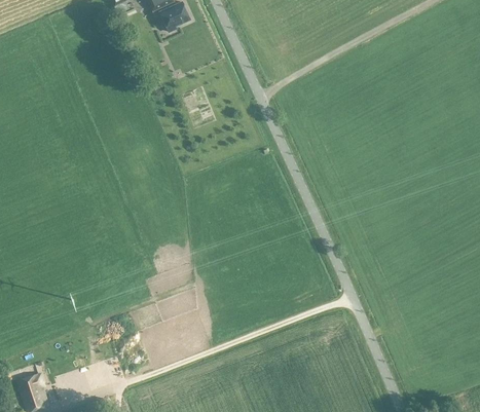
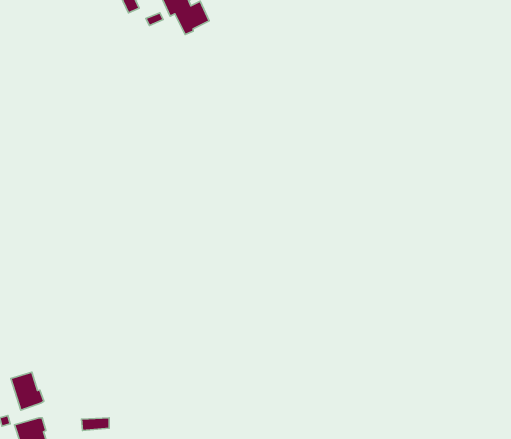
building: none -> [11,372,44,410]

